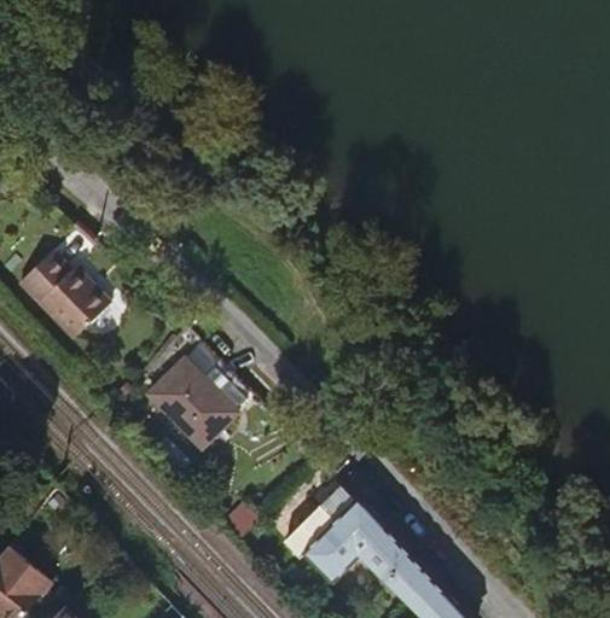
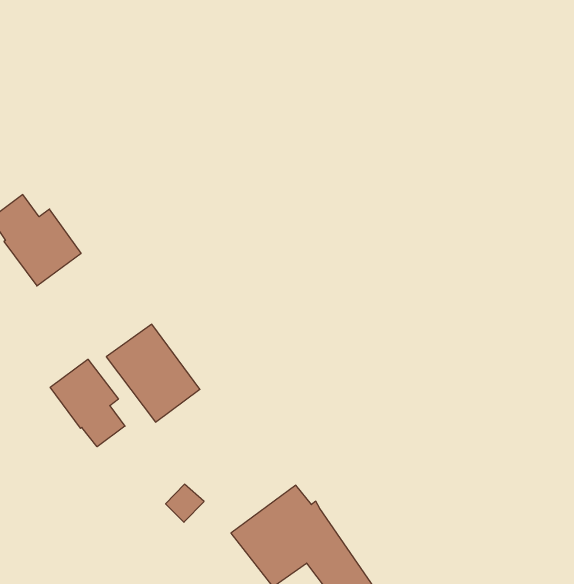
building: none -> [50,359,125,447]

